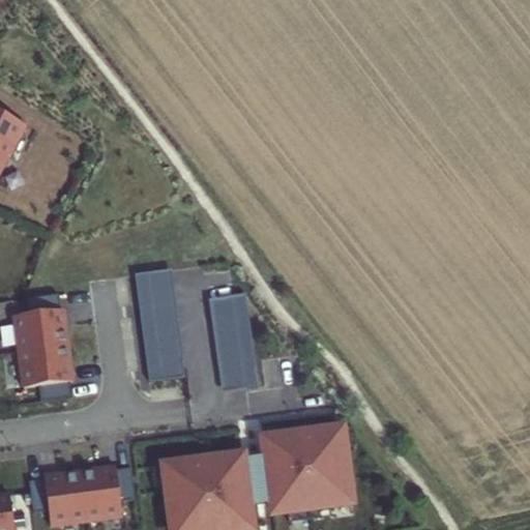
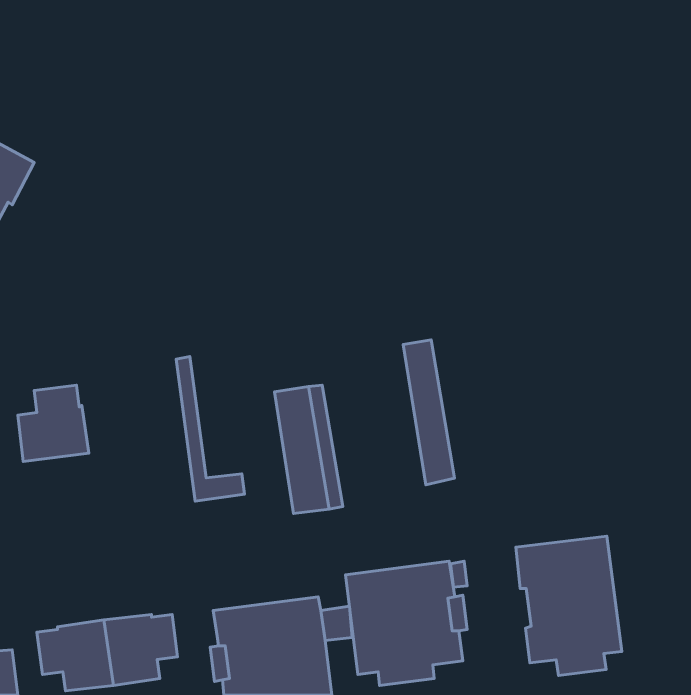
building: none -> [403,340,454,485]
building: [144,267,183,362] -> none
building: [18,344,71,400] -> none
building: none -> [516,536,622,676]

